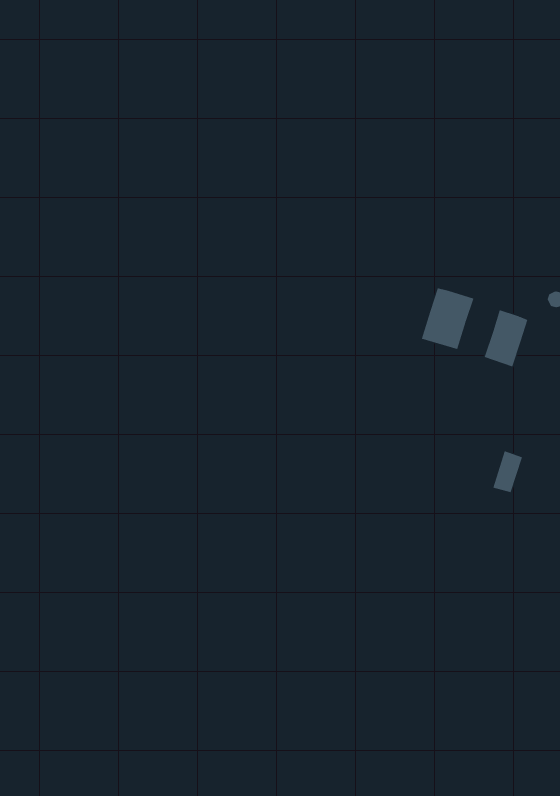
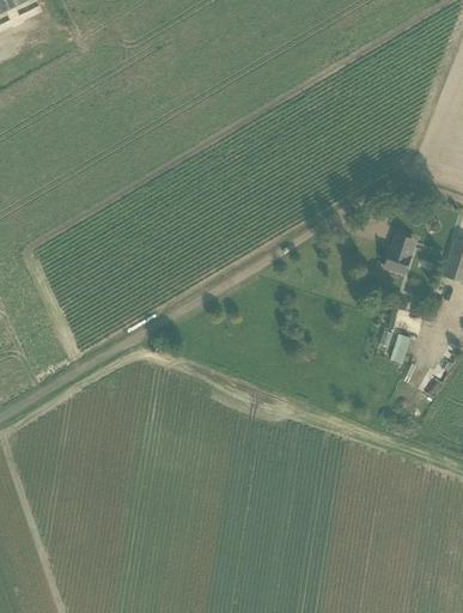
building: [421,288,474,350] -> none

